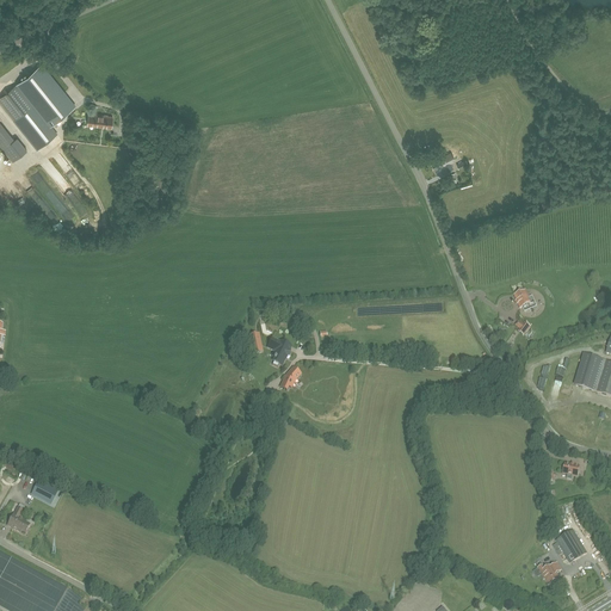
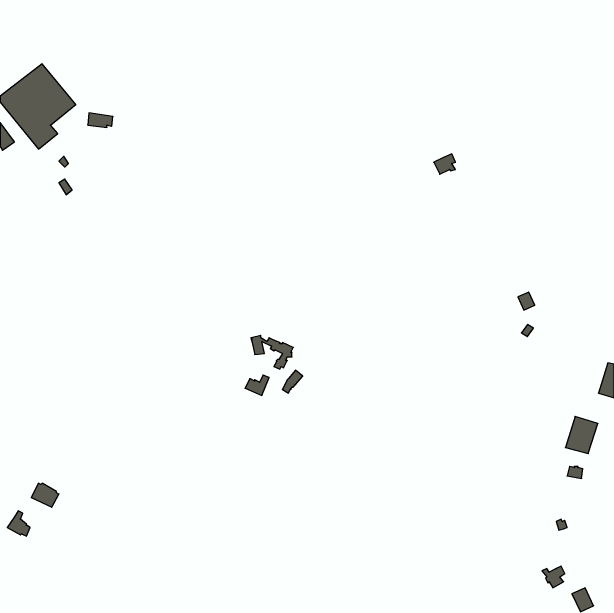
building: [572,353,604,390] -> [565,416,598,454]
building: [556,530,587,562] -> none

